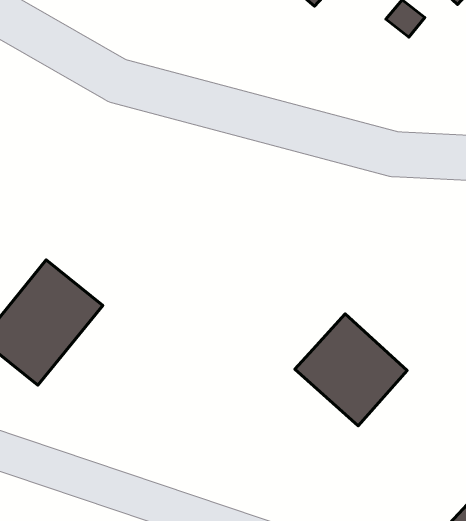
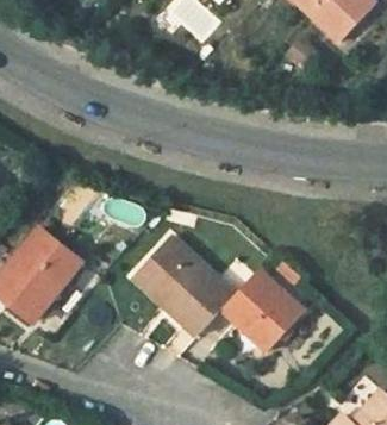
building: none -> [132,236,233,335]

